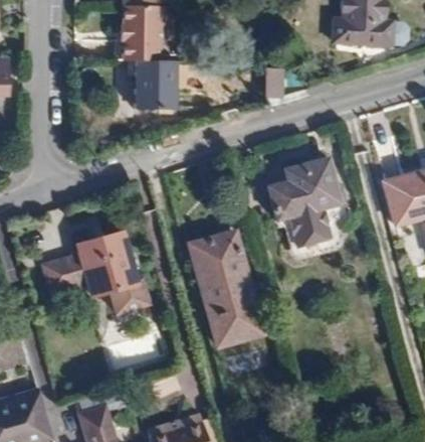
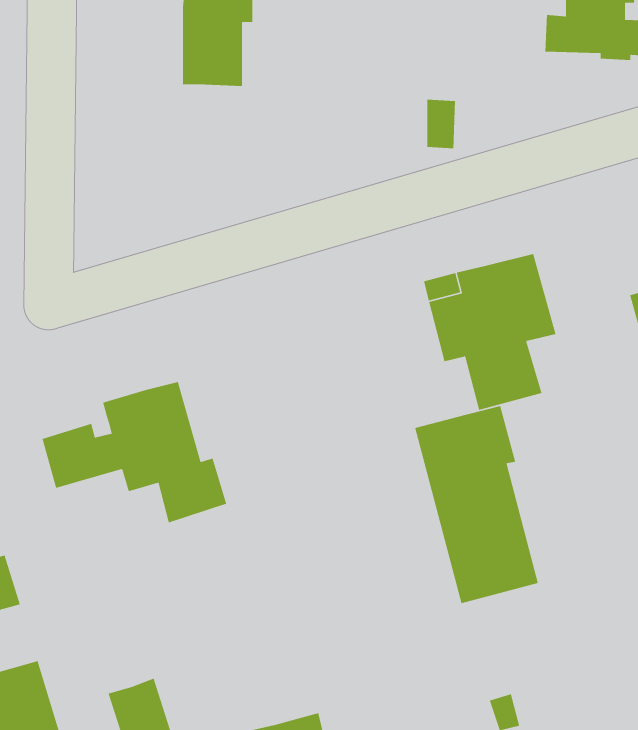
building: [137,59,177,109] -> none
building: [187,231,259,346] -> [414,405,539,604]

